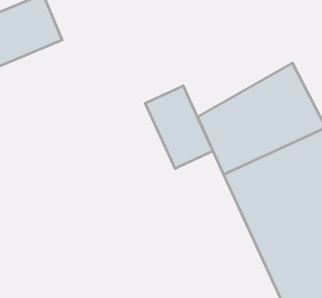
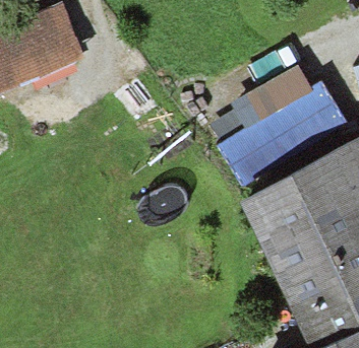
building: [145,86,213,169] -> none

